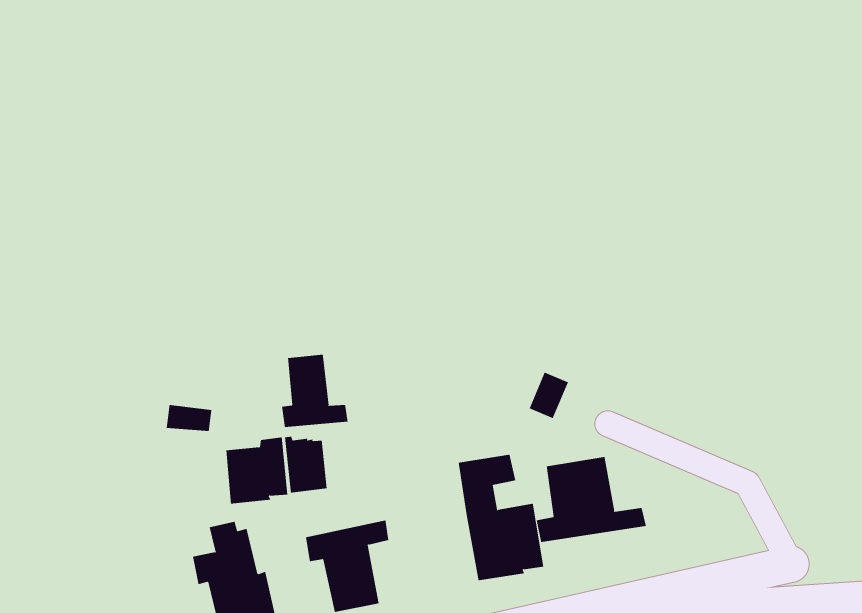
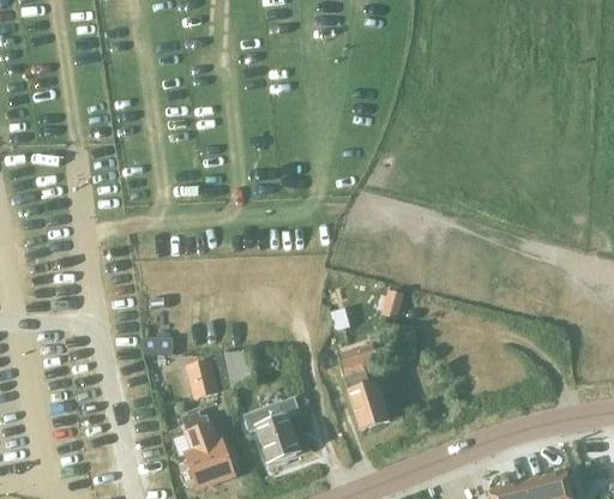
building: [282,354,348,428] -> none
building: [536,456,647,543] -> none

